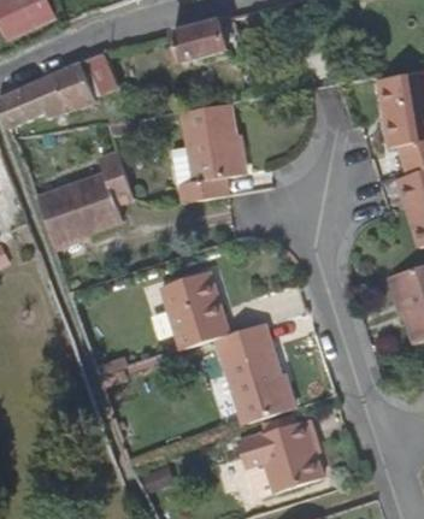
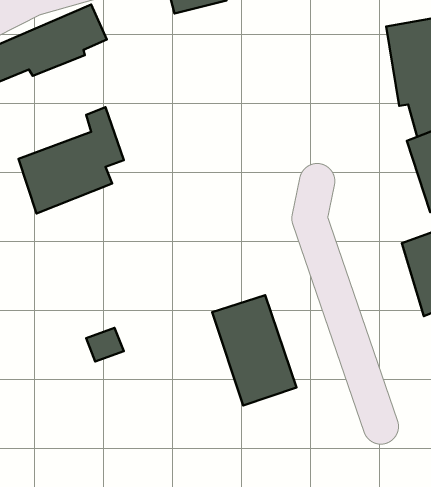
building: [169,100,242,202] -> none
building: [160,270,230,349] -> none
building: [257,418,322,493] -> none

